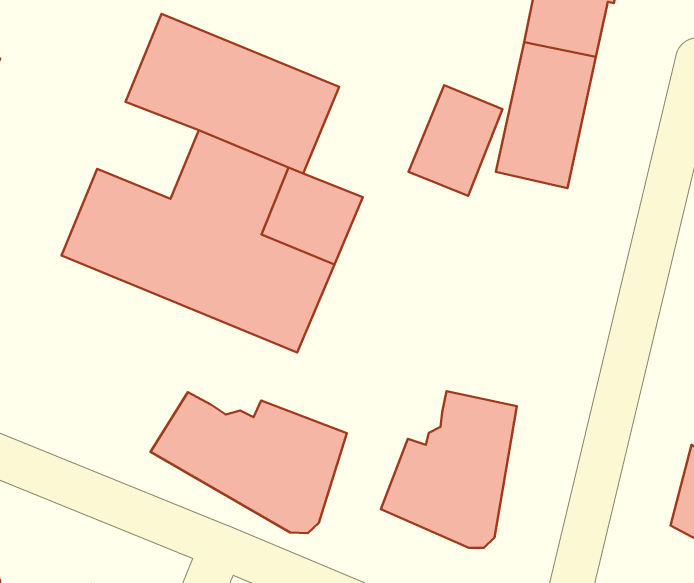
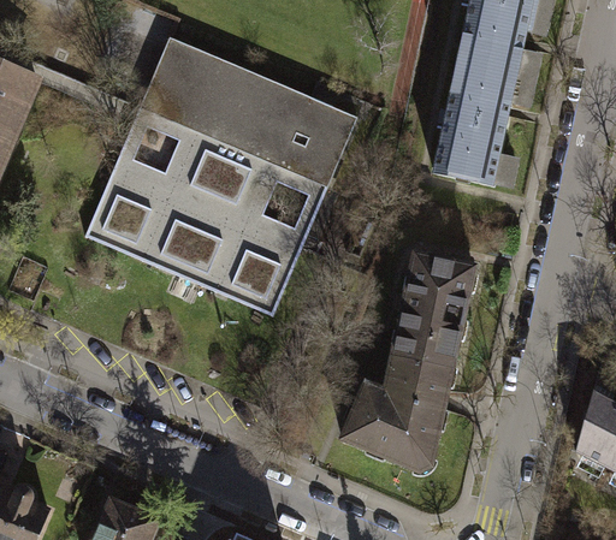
building: [408,85,502,196] -> [280,99,356,188]
building: none -> [114,111,196,189]
building: none -> [396,253,473,356]
building: [150,392,347,533] -> none

